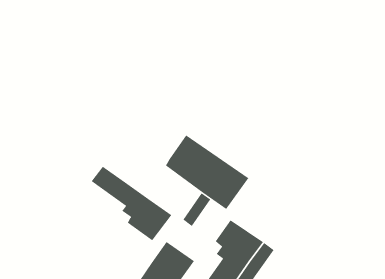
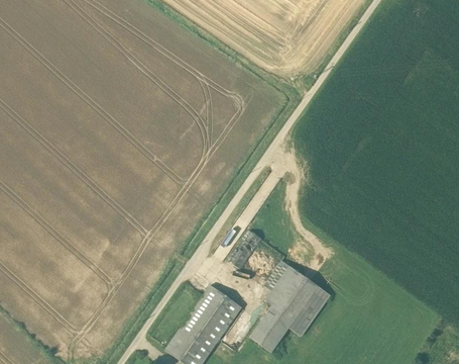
building: [165,135,249,210] -> none
building: [91,166,172,241] -> none

